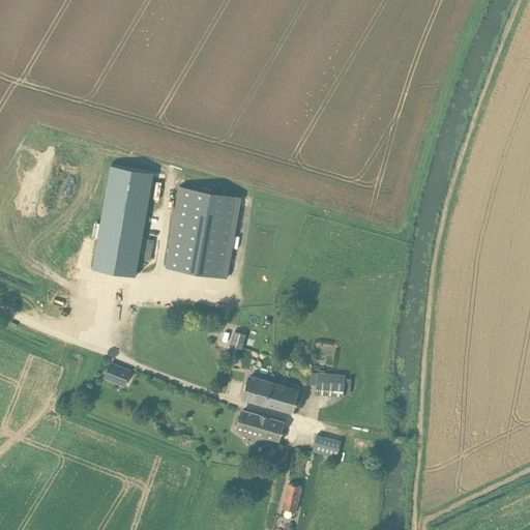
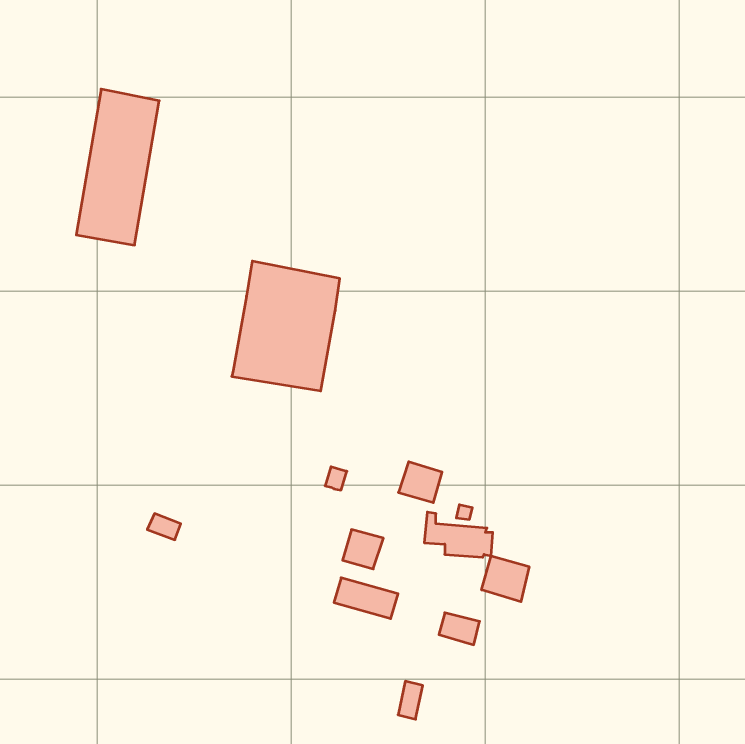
building: [93,166,152,276] -> [76,89,159,245]
building: [265,383,296,412] -> [398,462,442,503]
building: none -> [482,556,529,602]

